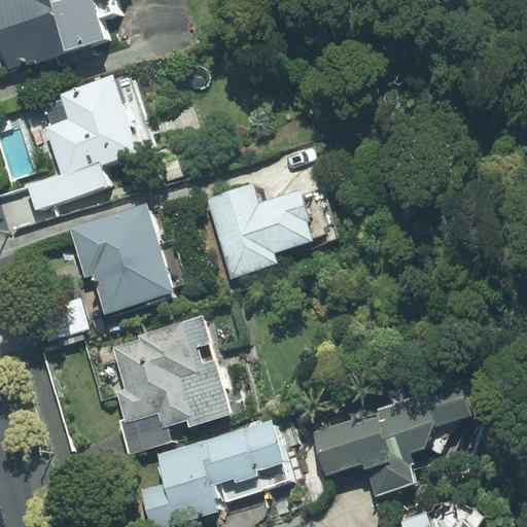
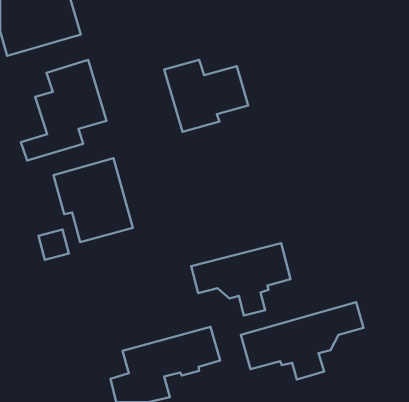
building: [207,183,315,276] -> [164,60,248,132]
building: none -> [191,243,290,315]
building: [112,317,229,452] -> none

